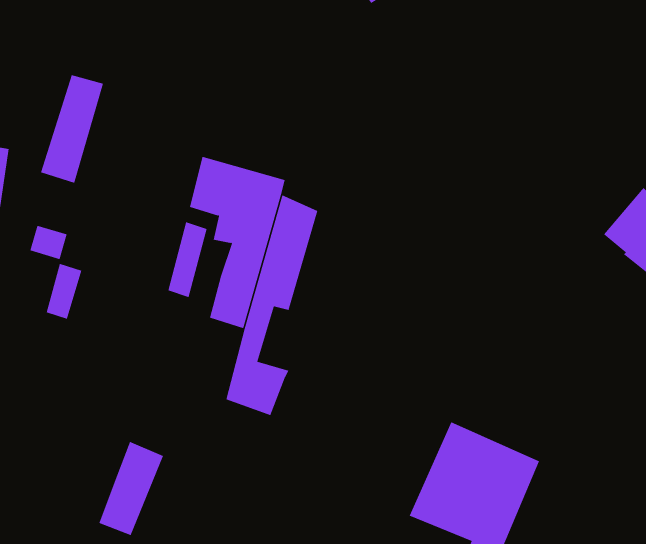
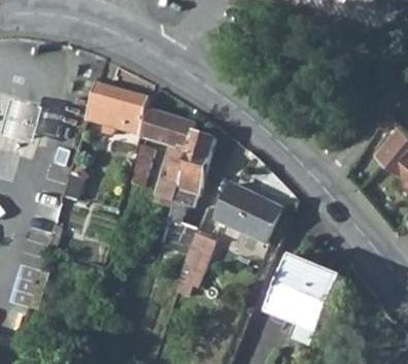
building: none -> [82,85,149,136]
building: none -> [215,185,280,244]
building: [99,441,164,536] -> [179,236,216,290]

